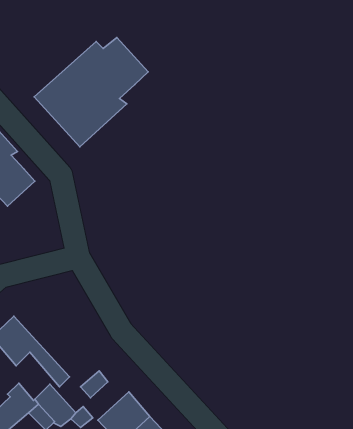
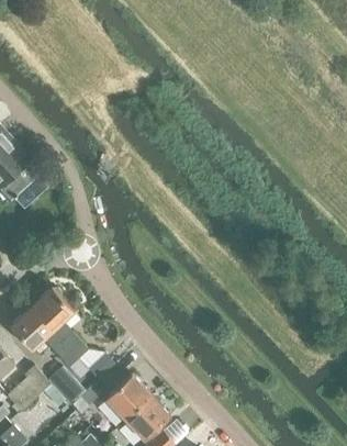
building: [34,38,148,147] -> none
building: none -> [30,286,88,359]

